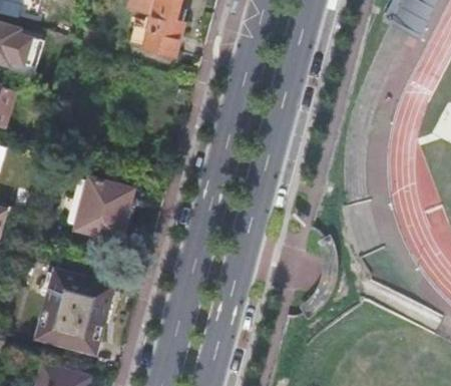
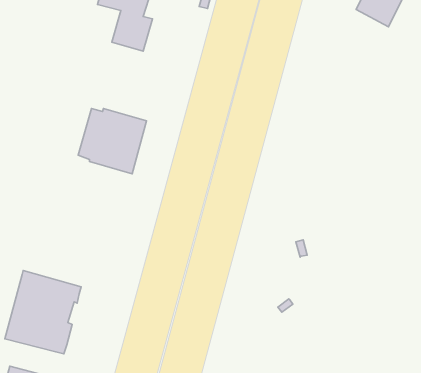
building: [67,176,134,241] -> [78,108,146,174]

